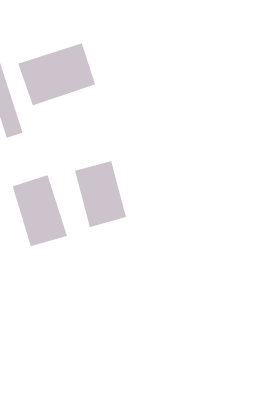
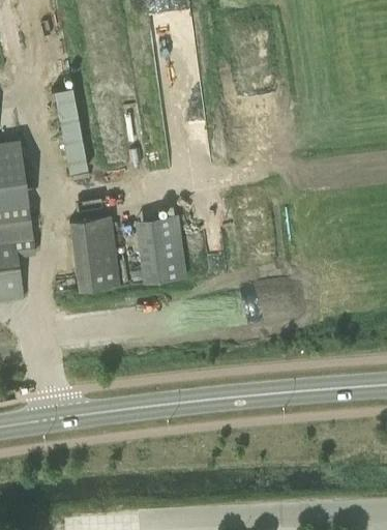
building: [18,43,96,106] -> none

